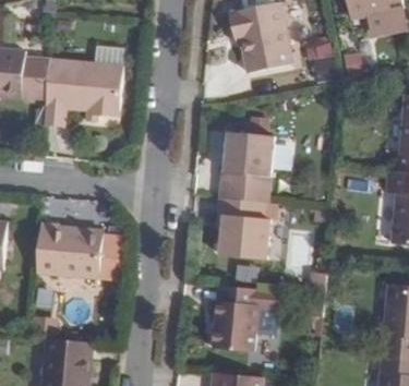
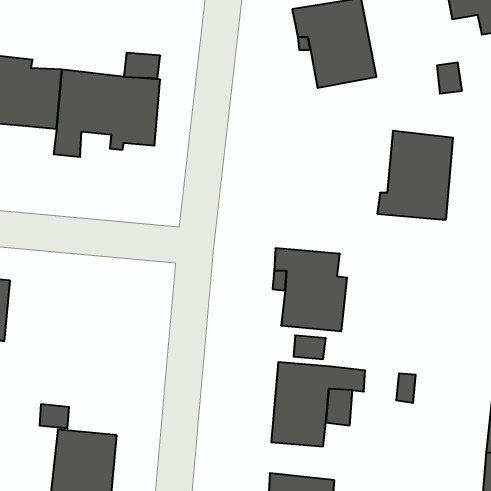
building: [217,132,276,201] -> [377,131,453,219]
building: [37,220,105,276] -> none

